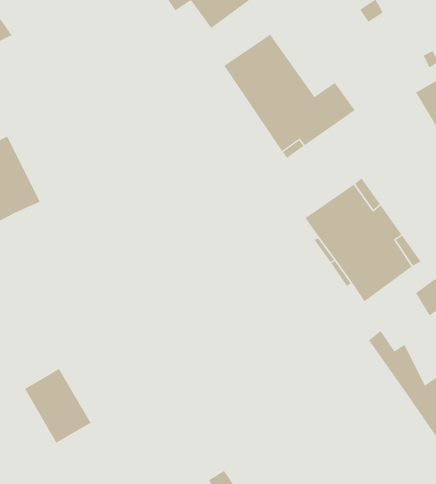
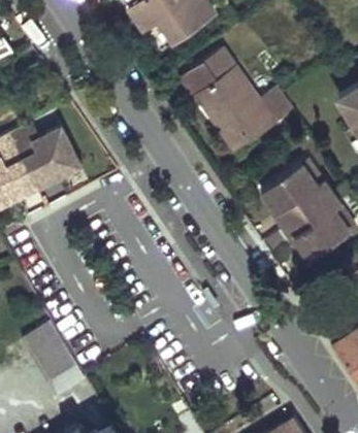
building: none -> [8,121,79,187]

